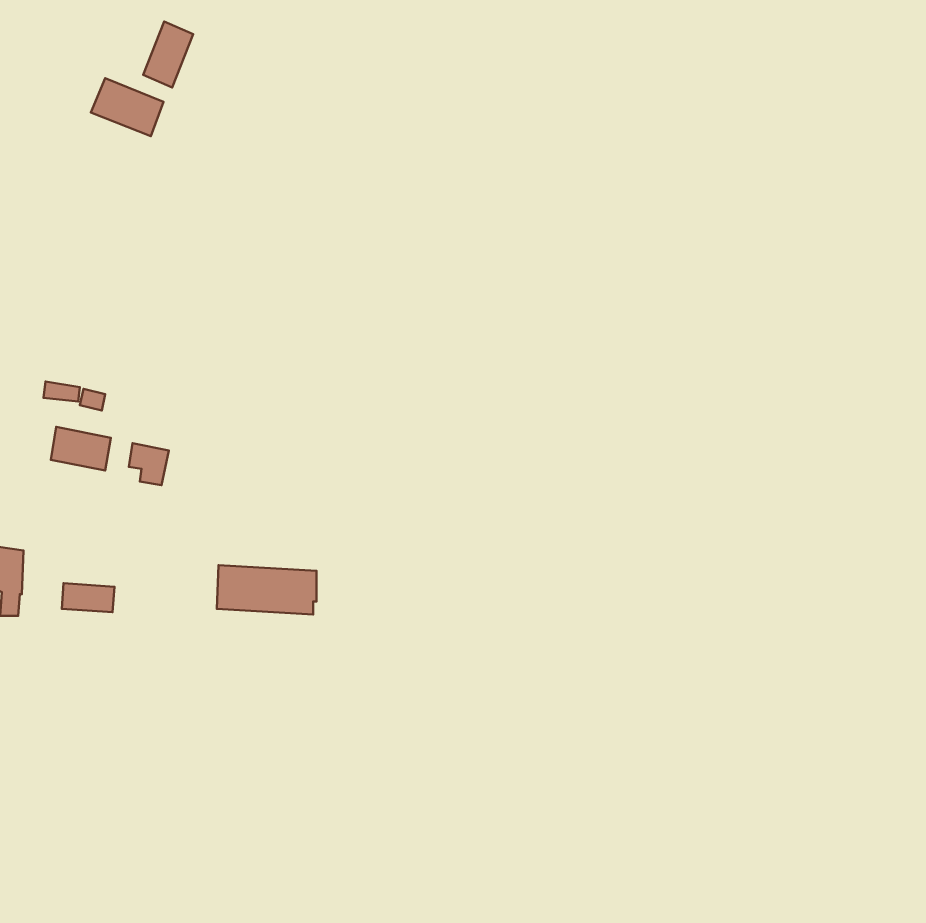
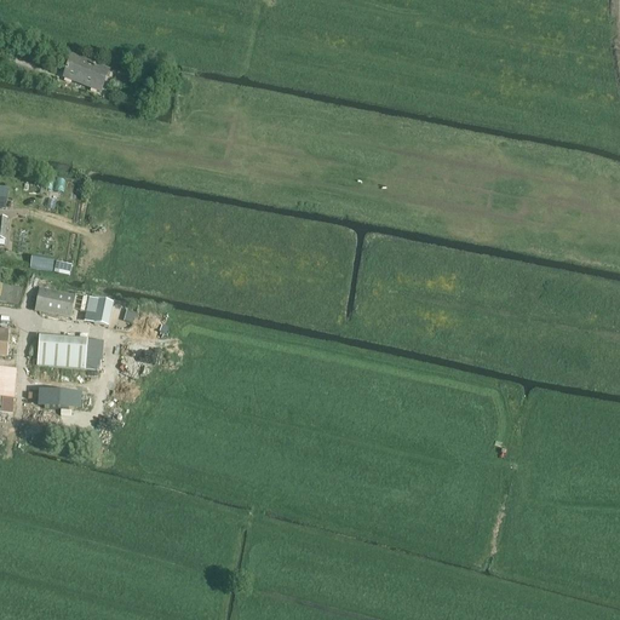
building: [143,22,193,87] -> none
building: [217,565,317,614] -> [36,334,103,367]

